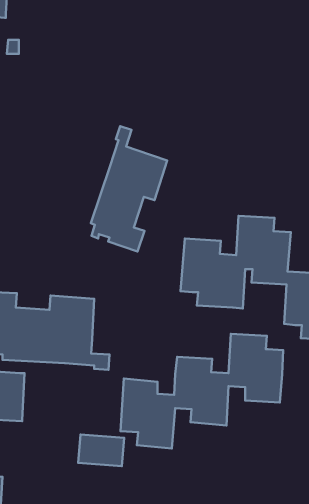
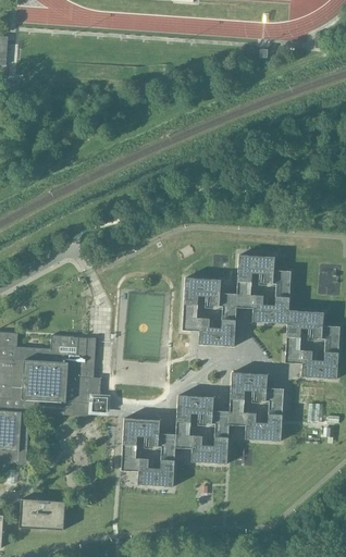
building: [91,126,167,252] -> none
building: [78,435,124,466] -> [17,494,63,525]

